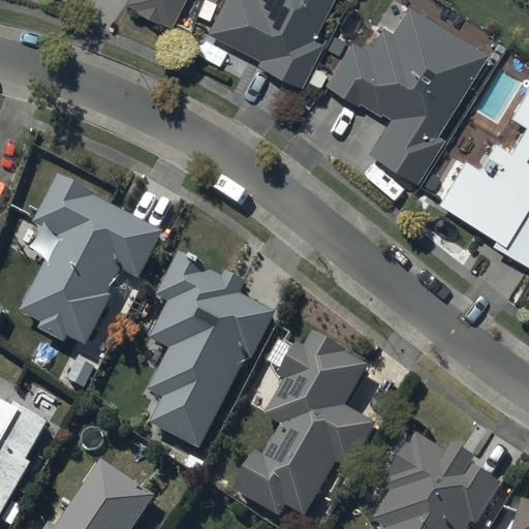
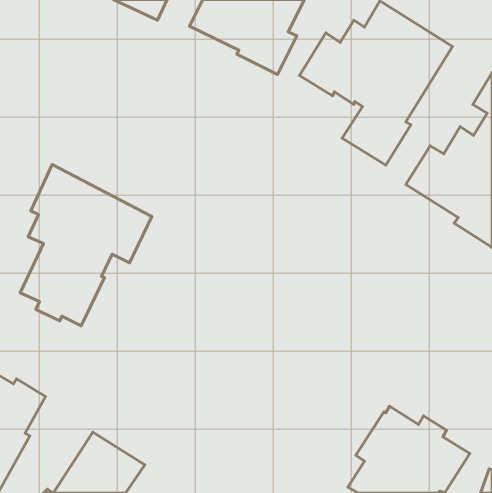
building: [148,254,276,450] -> none
building: [232,333,374,520] -> none

